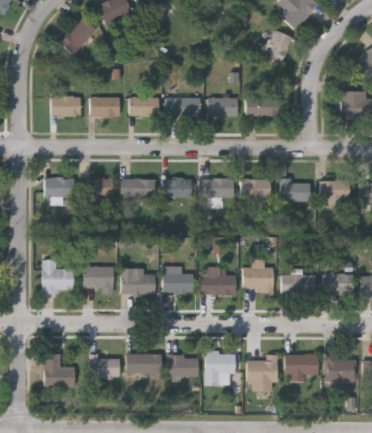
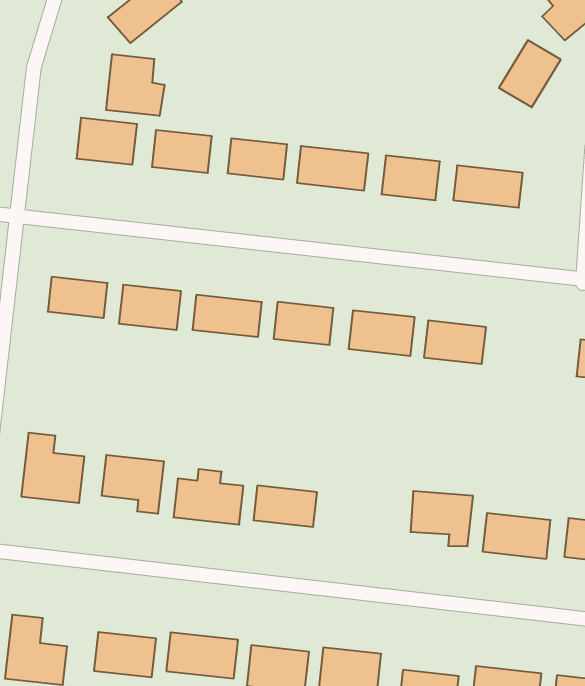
building: none -> [106,54,164,116]
building: [280,178,309,202] -> none
building: [200,271,235,293] -> none

